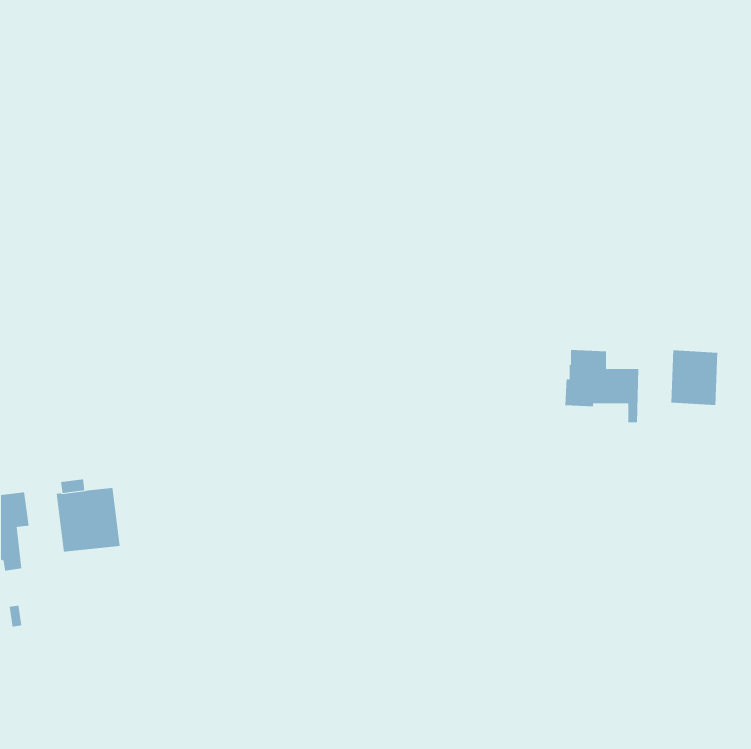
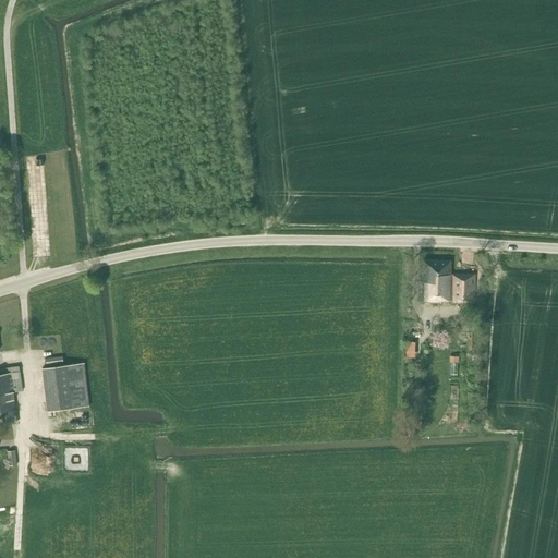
building: [671,350,718,406] -> none

